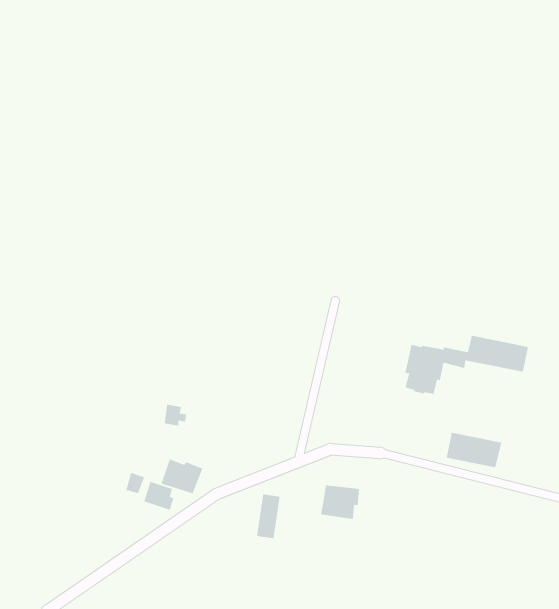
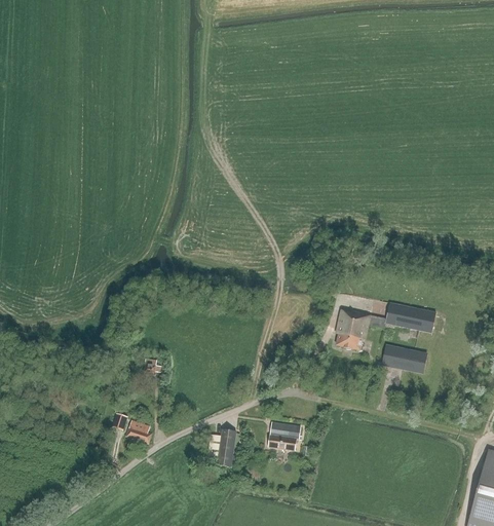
building: [446,432,502,468] -> [382,344,427,373]
building: [161,458,203,494] -> none

